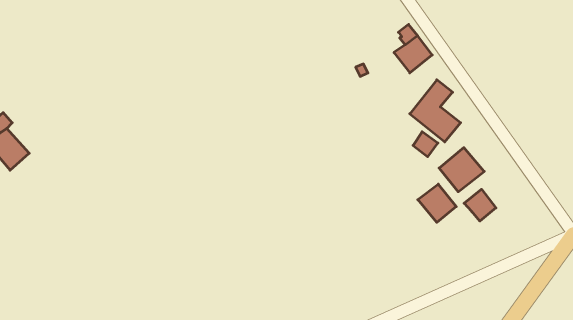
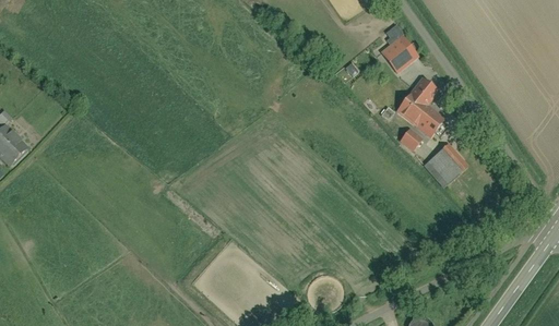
building: [418,184,456,222] -> none
building: [464,189,496,221] -> none

